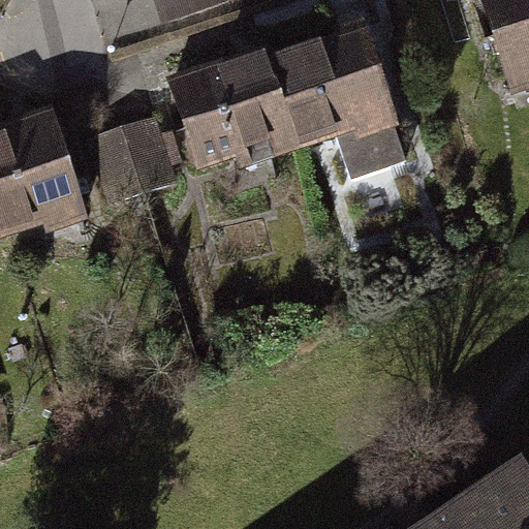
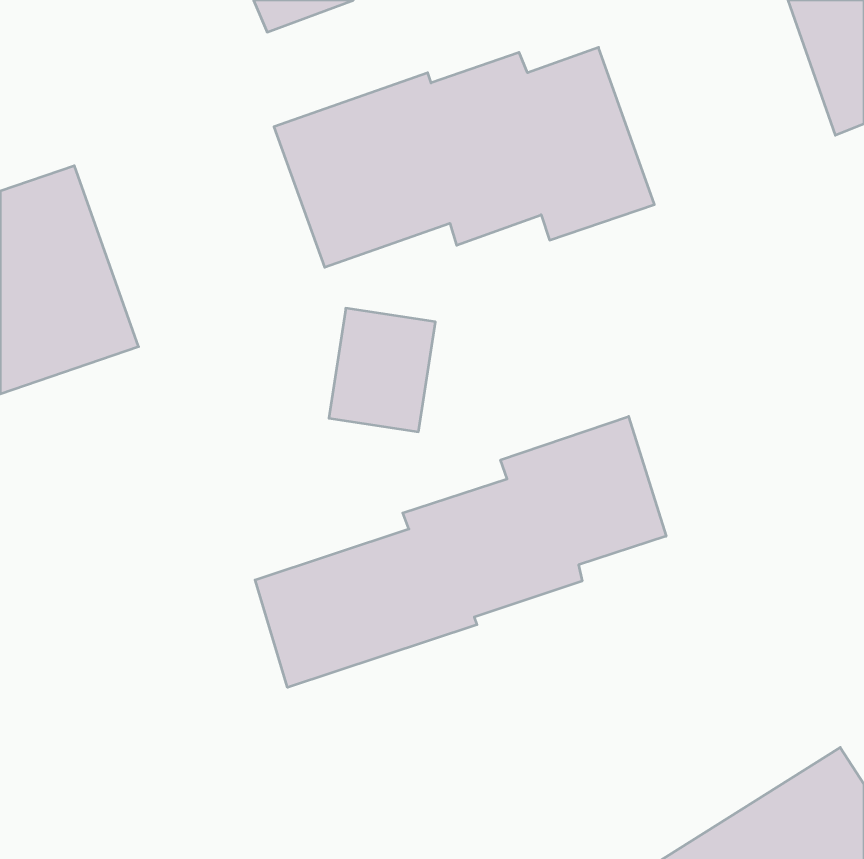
building: [115,132,180,208] -> [329,308,435,432]
building: none -> [255,416,666,687]

